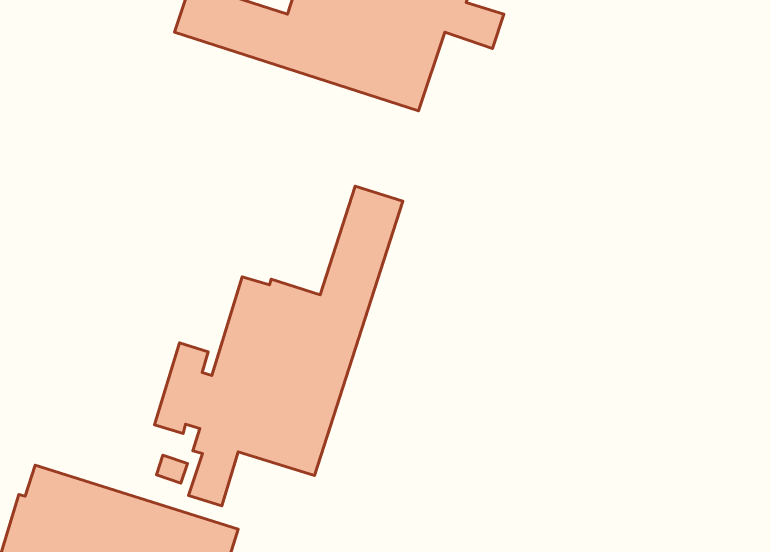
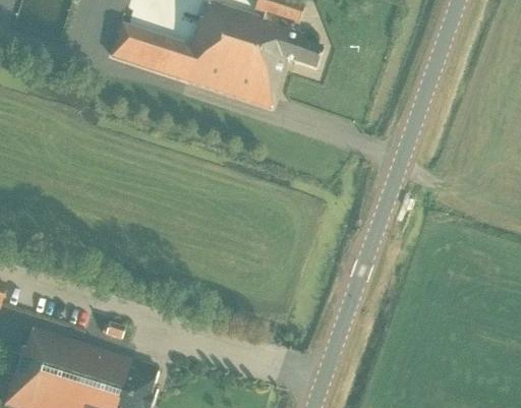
building: [154,186,403,506] -> none

